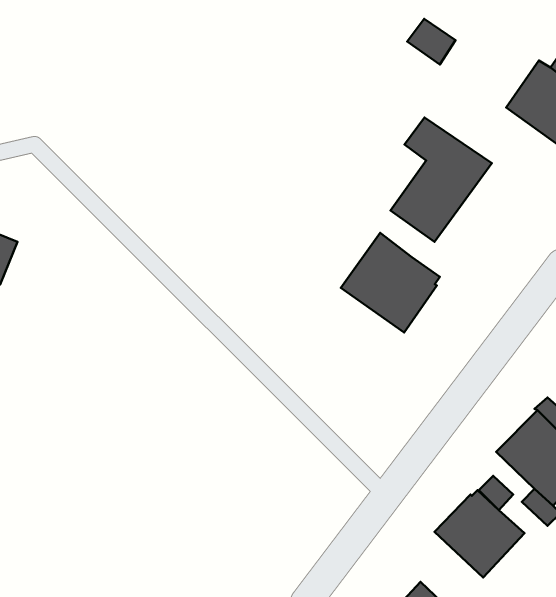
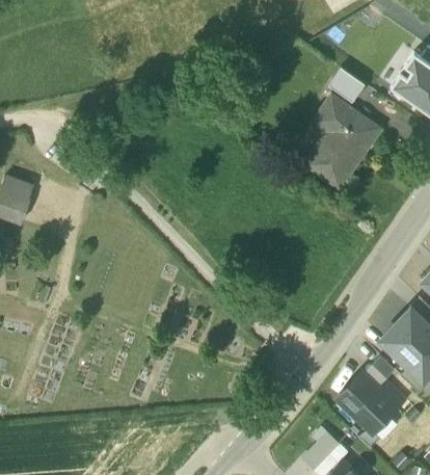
building: [407,19,456,64] -> [329,69,365,102]
building: [341,233,440,333] -> none

